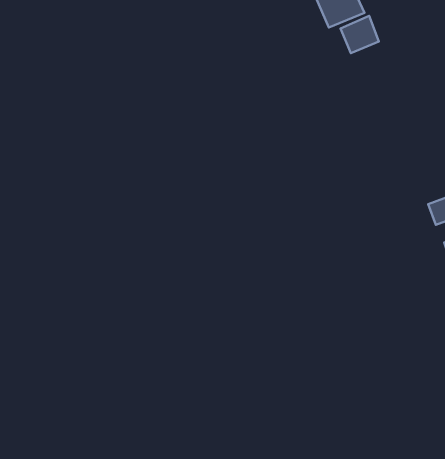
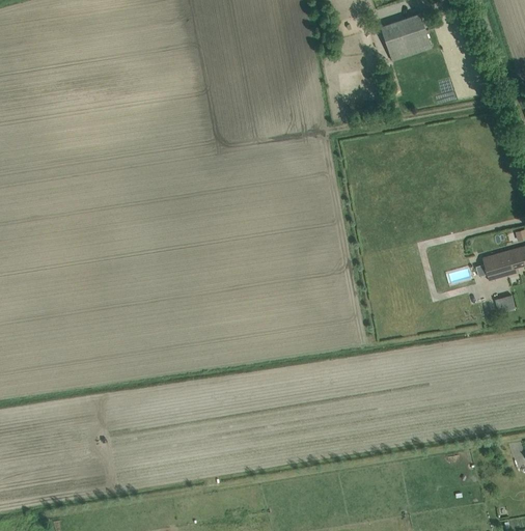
building: [341,16,379,53] -> none

